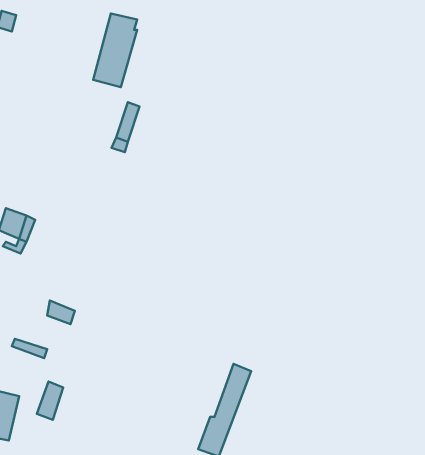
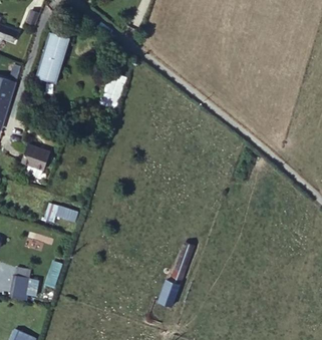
building: [93,14,137,87] -> [37,32,67,82]

